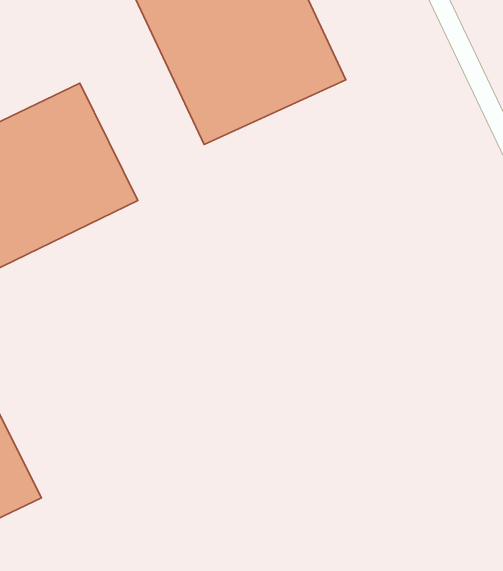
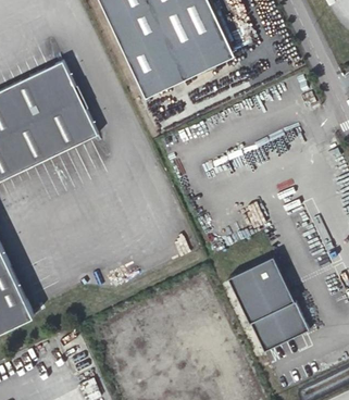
building: none -> [226,257,303,351]

